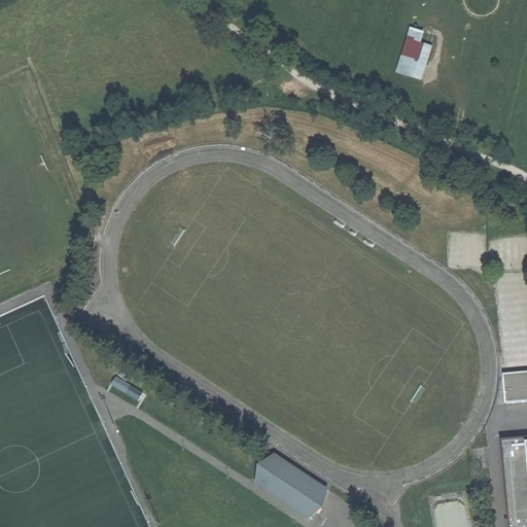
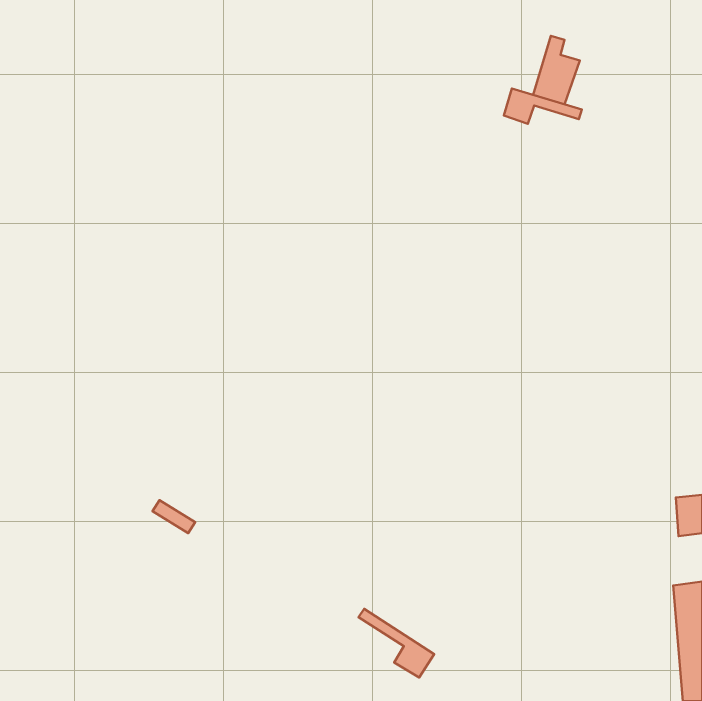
building: none -> [504,89,582,124]
building: [257,462,314,518] -> none

